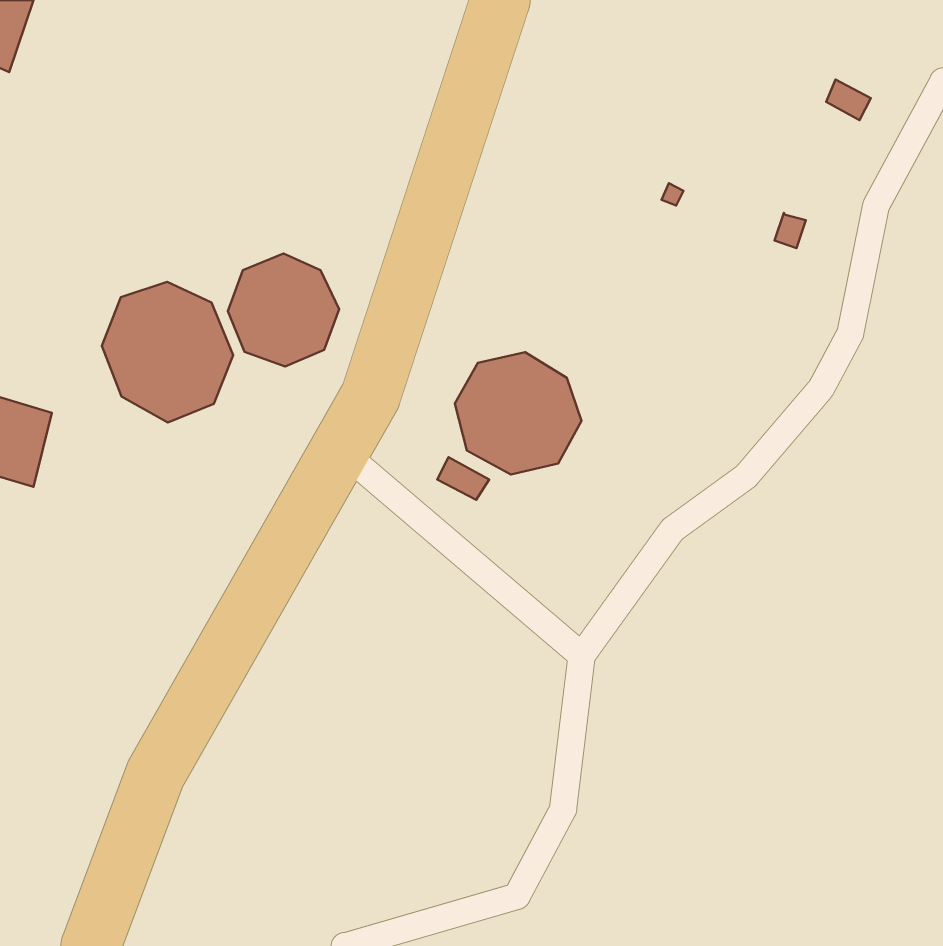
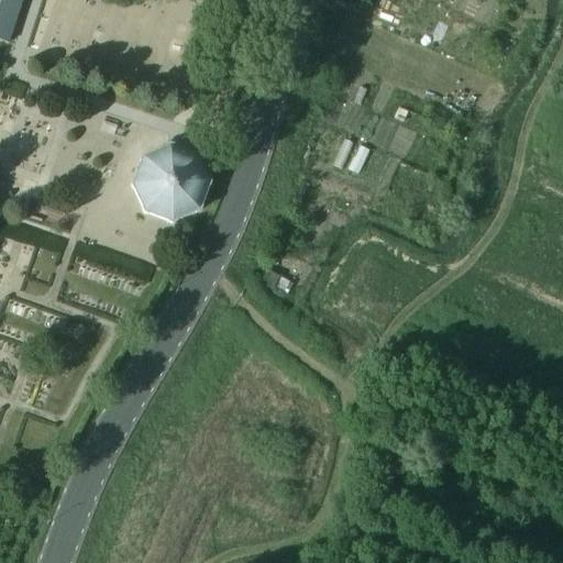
building: [102,282,233,423] -> none
building: [455,352,581,474] -> none

